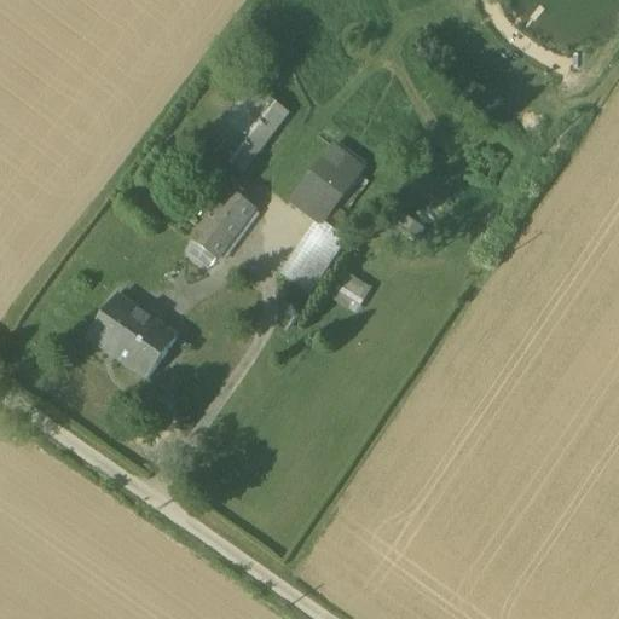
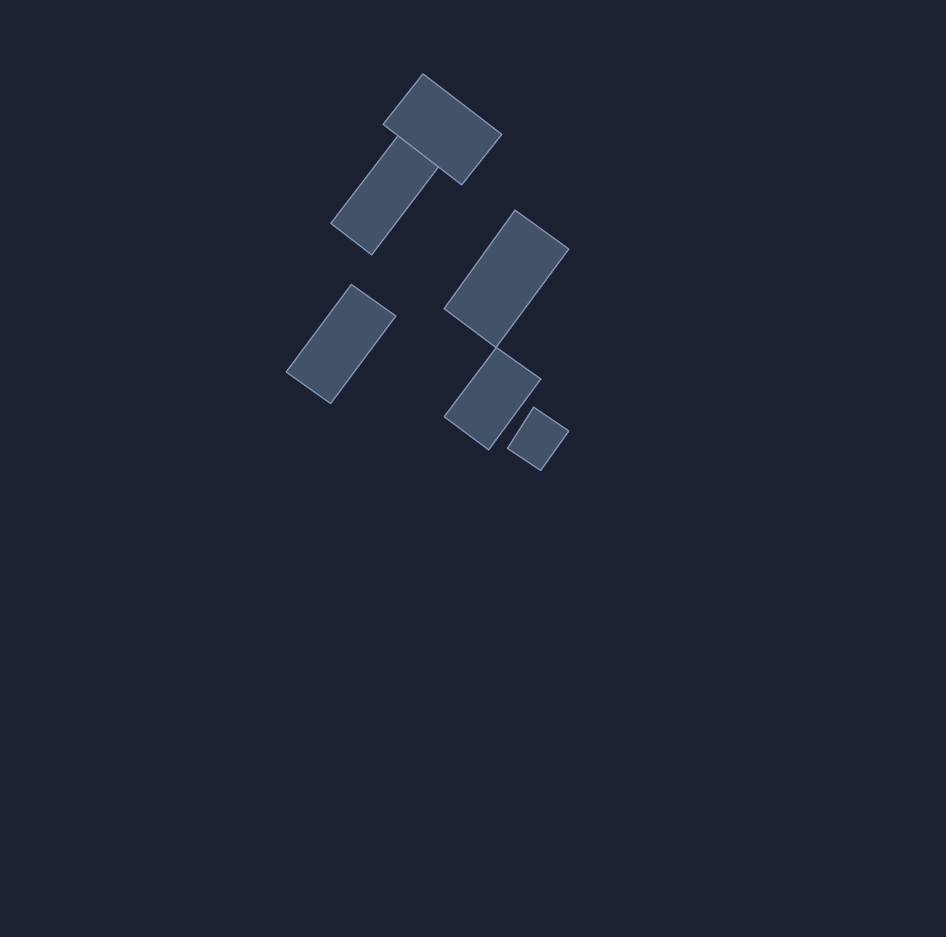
building: none -> [383,74,502,185]
building: [87,294,184,384] -> none

